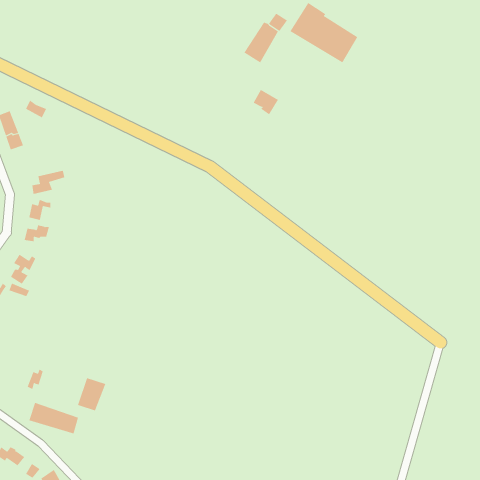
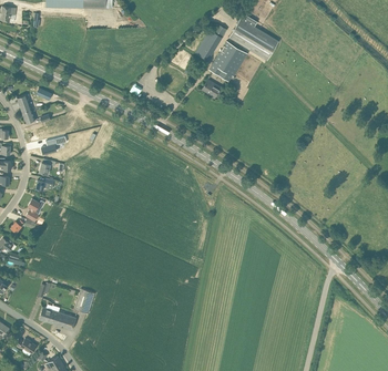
building: none -> [212,40,245,78]

